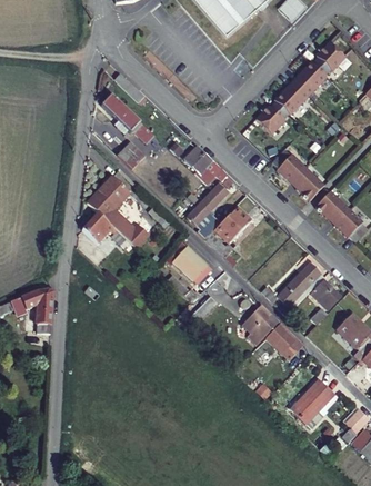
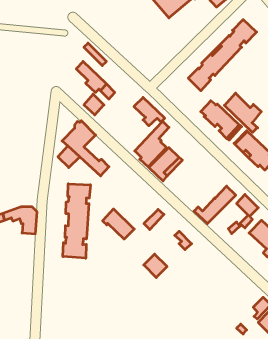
building: none -> [224,93,261,132]
building: [170,244,212,284] -> [103,209,134,239]
building: none -> [63,184,90,258]
building: [243,307,274,338] -> [144,254,167,278]
building: [264,327,292,361] -> none
building: [288,378,329,427] -> none

